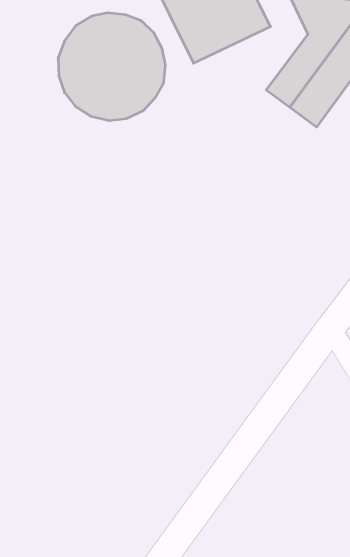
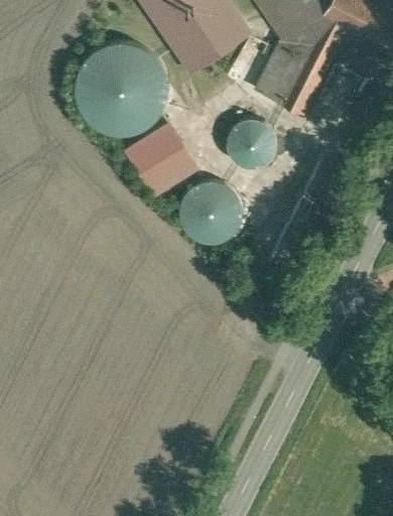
building: none -> [126,122,193,189]
building: none -> [226,116,275,166]
building: none -> [178,178,241,241]

